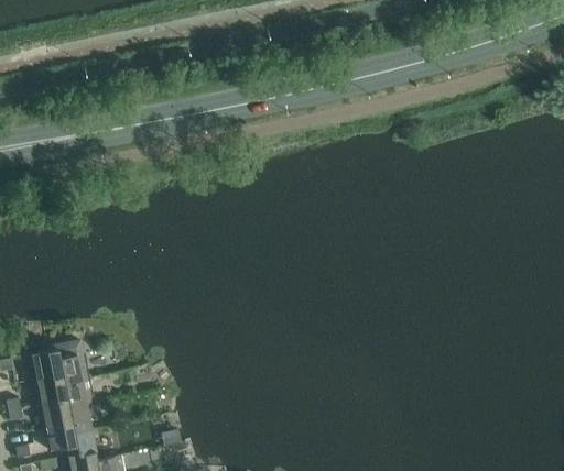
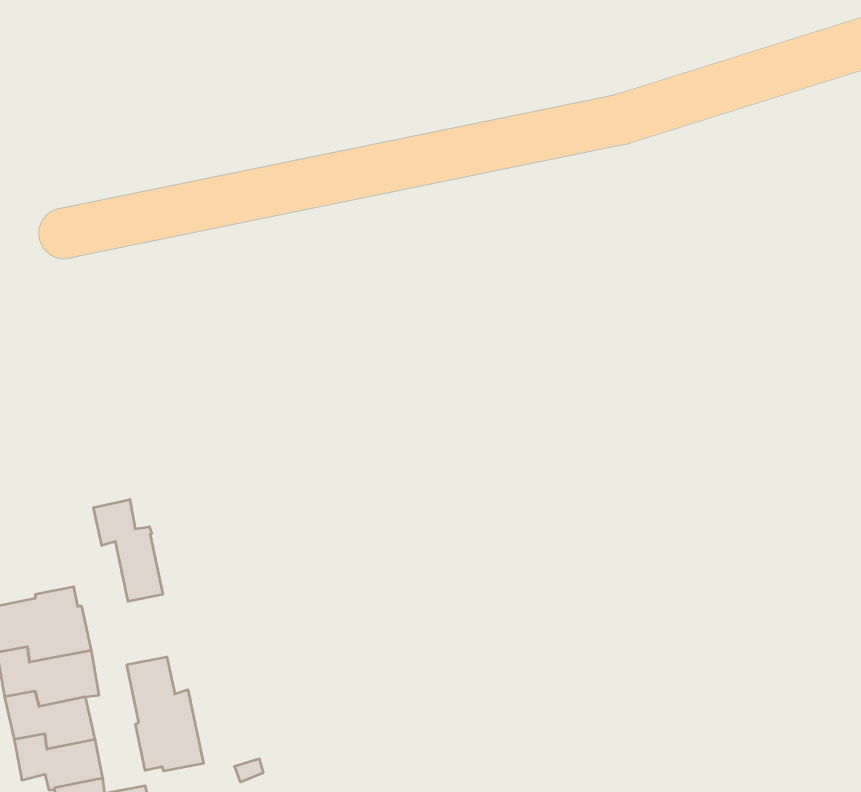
building: none -> [94,499,163,601]
building: none -> [127,657,204,771]

